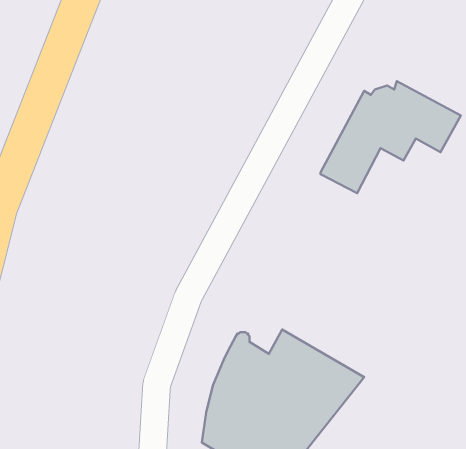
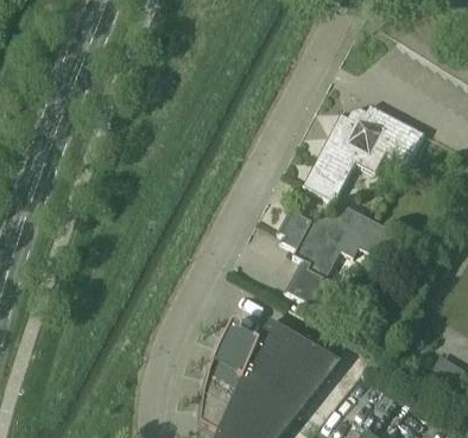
building: none -> [277,203,391,306]

